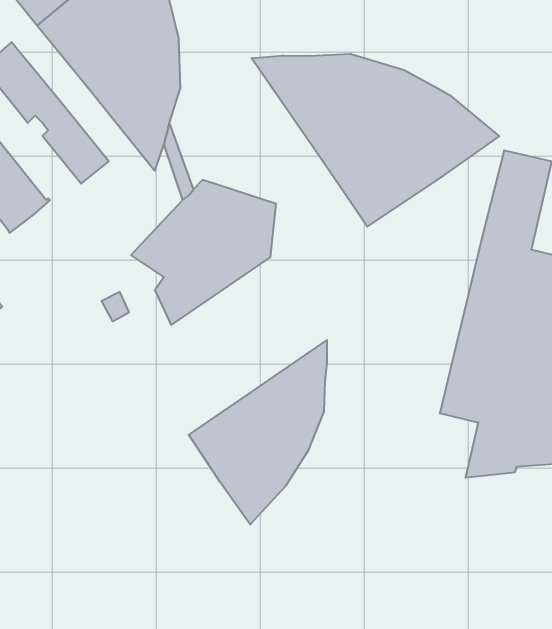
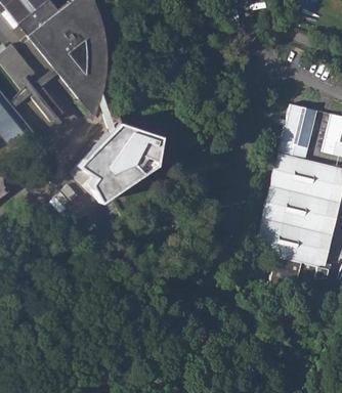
building: [252,54,499,227] -> none
building: [189,340,327,525] -> none

